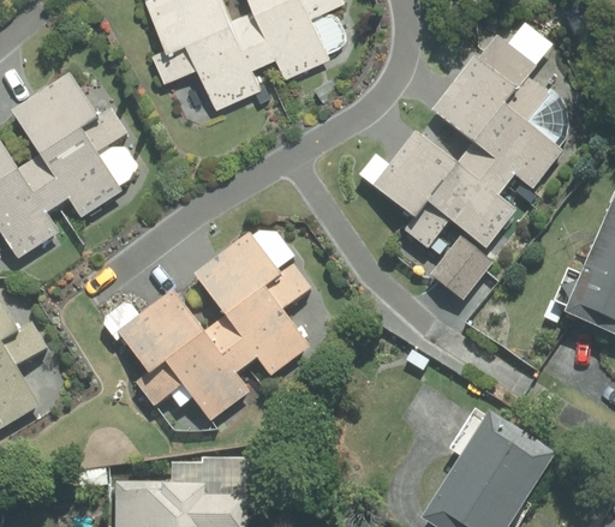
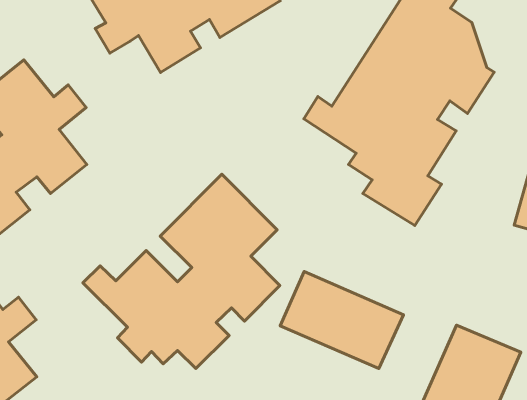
building: none -> [280,271,403,369]

